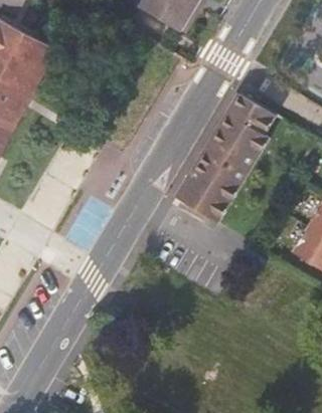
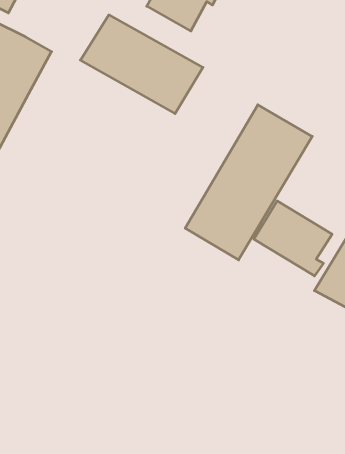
building: none -> [80,15,203,114]
building: none -> [254,201,332,276]

